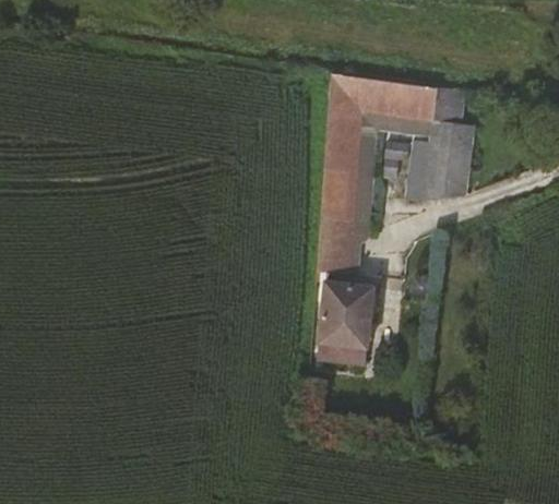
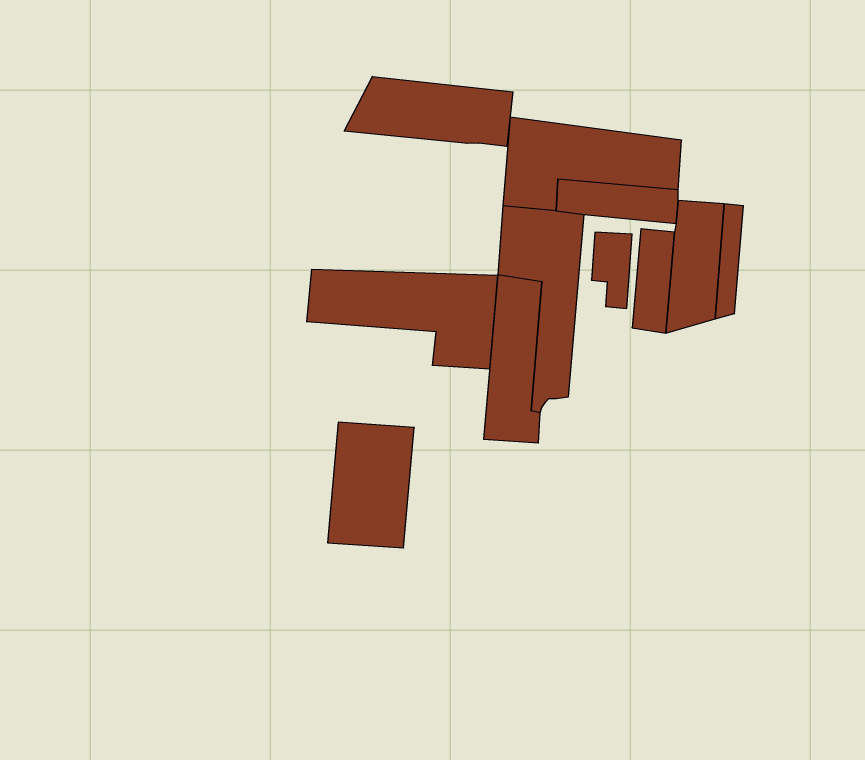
building: none -> [344,76,513,146]
building: [435,87,466,127] -> none
building: none -> [307,269,498,369]
building: [319,280,372,358] -> [328,422,414,548]

